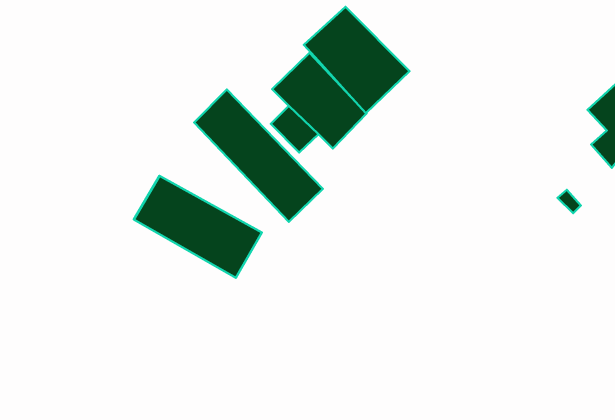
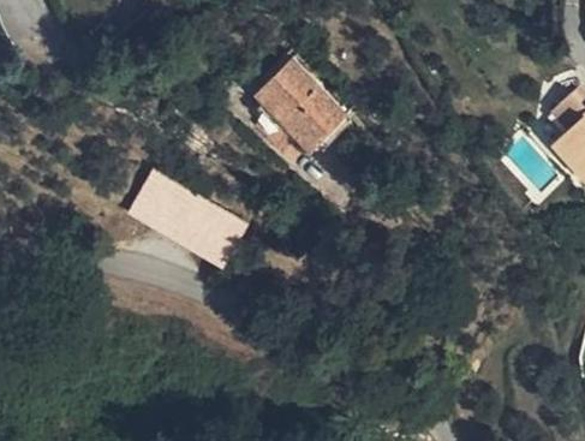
building: [304,7,410,113] -> none
building: [194,90,323,222] -> none

